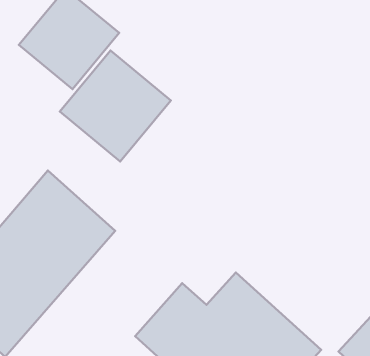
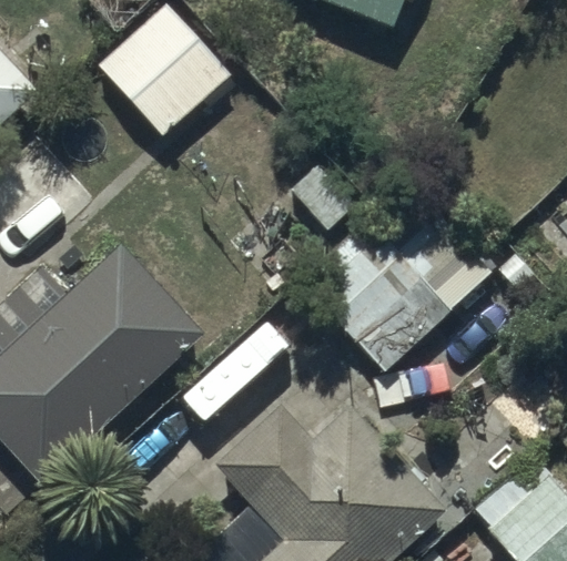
building: [60,51,171,162] -> none
building: none -> [311,213,488,373]

